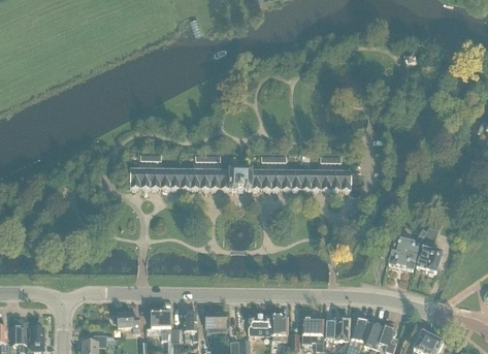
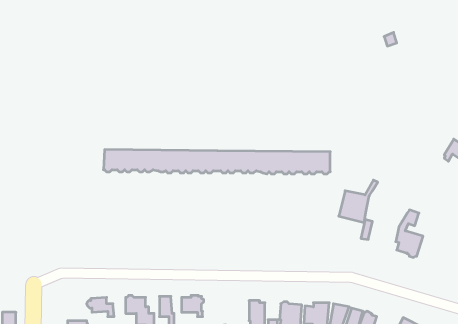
building: [388,227,426,268] -> [339,180,378,222]
building: [248,315,271,333] -> none

